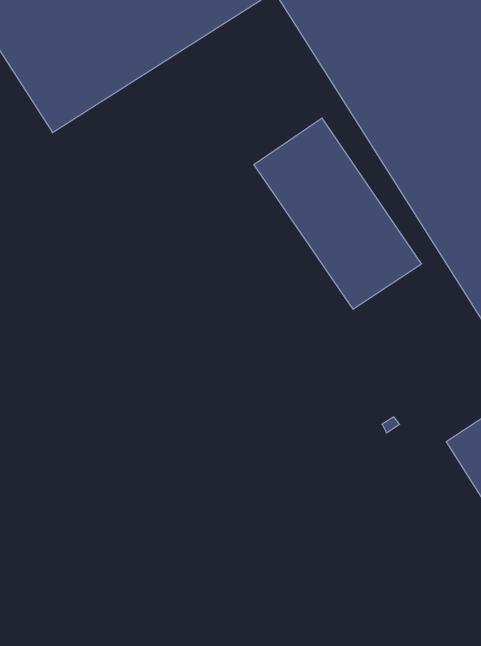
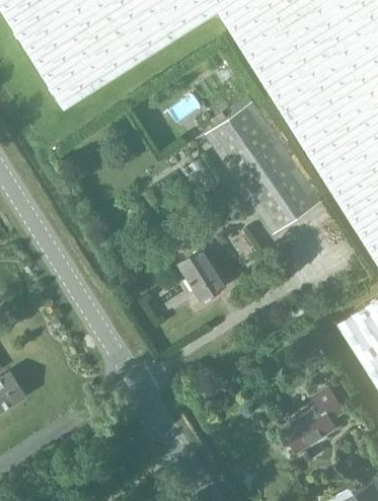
building: none -> [177,238,226,301]
building: none -> [281,385,343,450]

